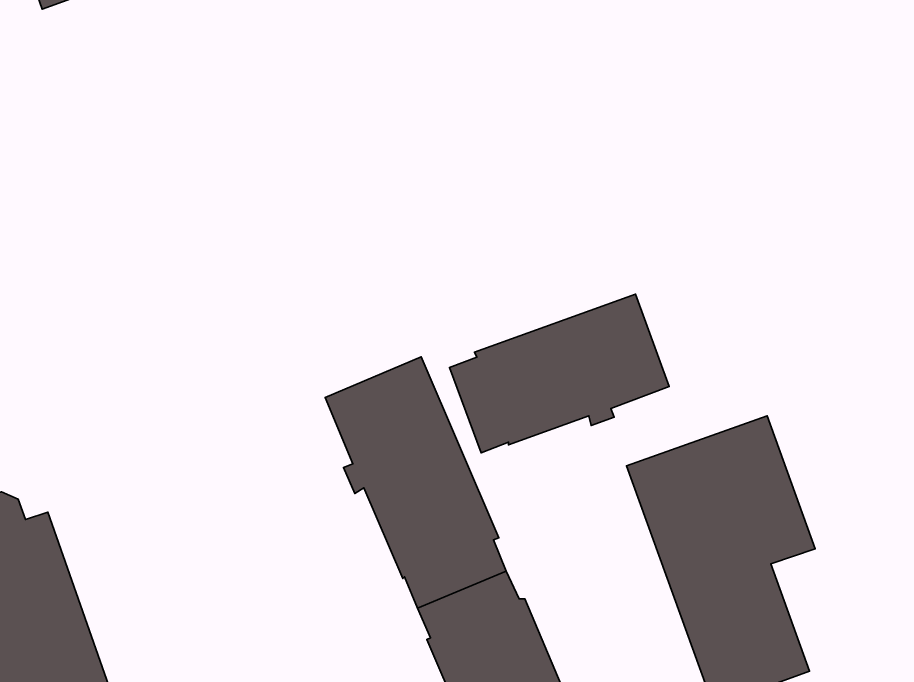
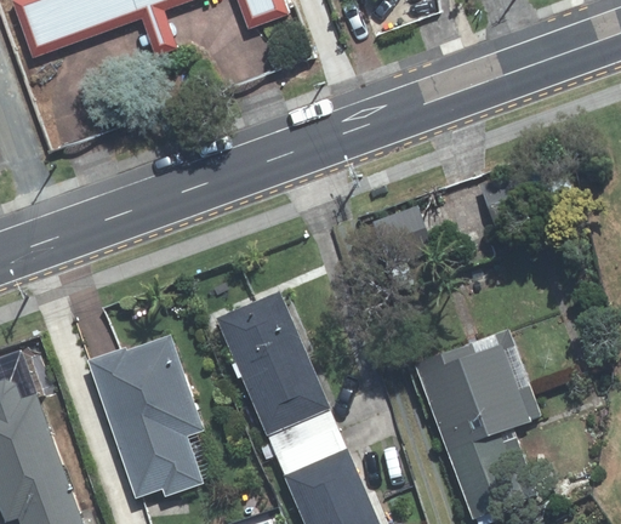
building: [449,294,669,453] -> none
building: none -> [87,334,201,494]

